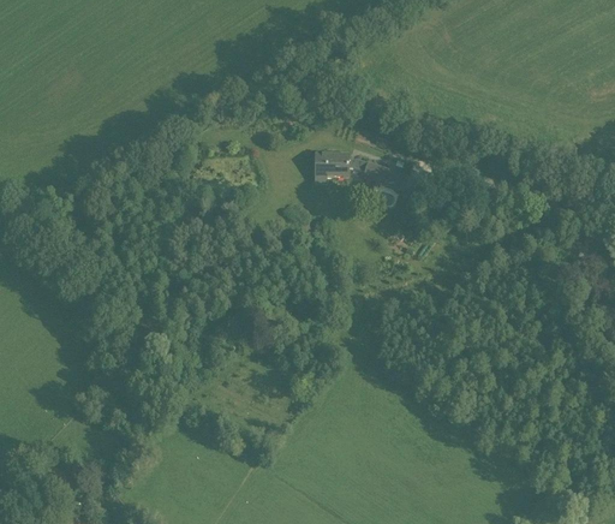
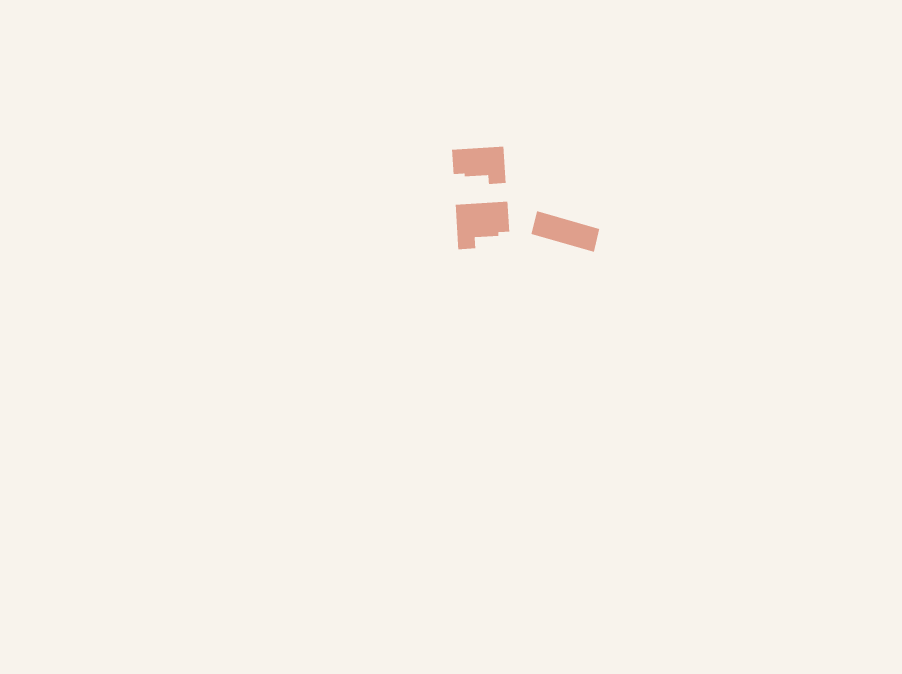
building: none -> [451,146,506,185]

